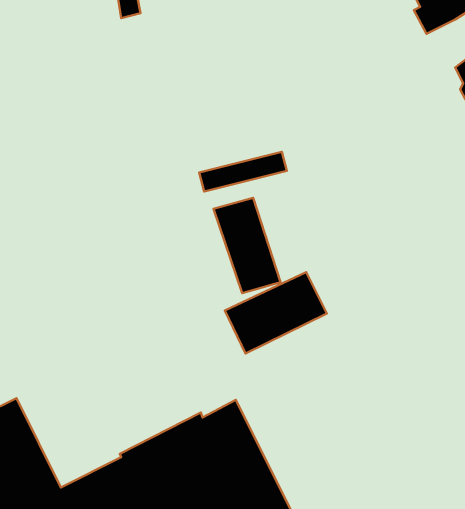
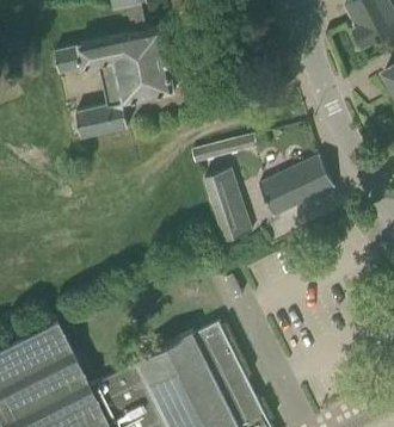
building: none -> [55,27,174,136]
building: [225,272,327,353] -> [258,156,334,217]

